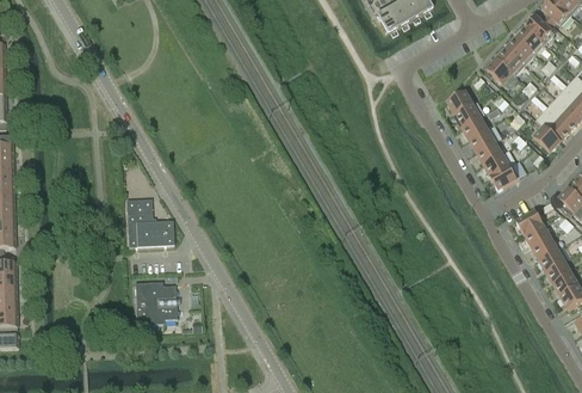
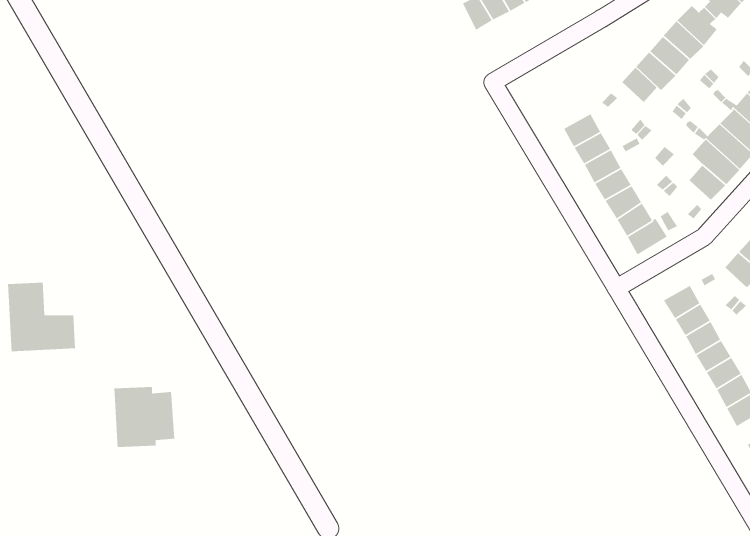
building: [126,197,174,246] -> [7,282,76,352]

